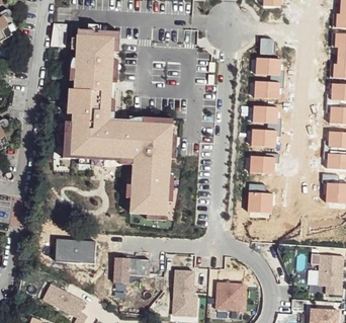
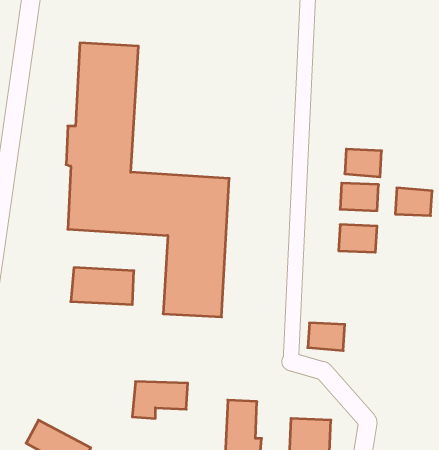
building: [255,57,279,75] -> none
building: [254,80,278,98] -> [395,188,432,216]
building: [247,192,271,211] -> [308,323,345,351]
building: [55,239,96,263] -> [71,268,134,305]

